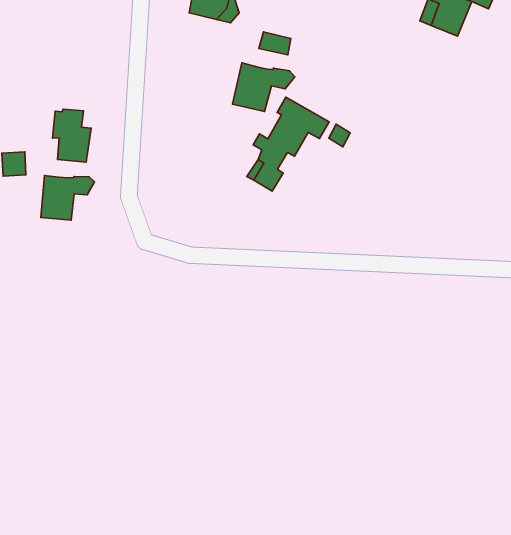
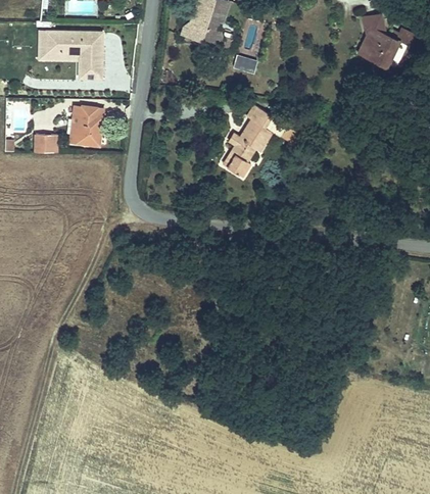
building: none -> [46,34,101,80]
building: [232,63,295,112] -> none
building: [41,176,94,220] -> none

